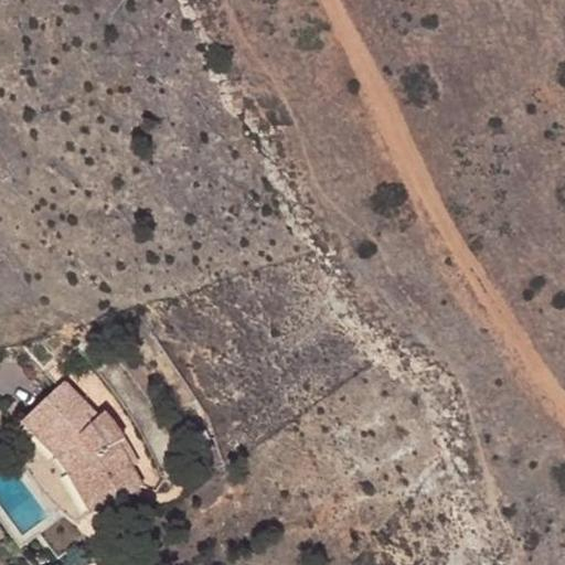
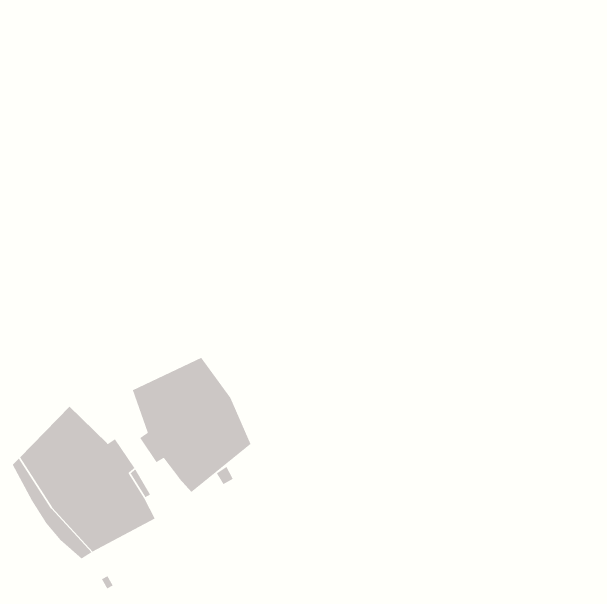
building: none -> [132,357,252,493]

